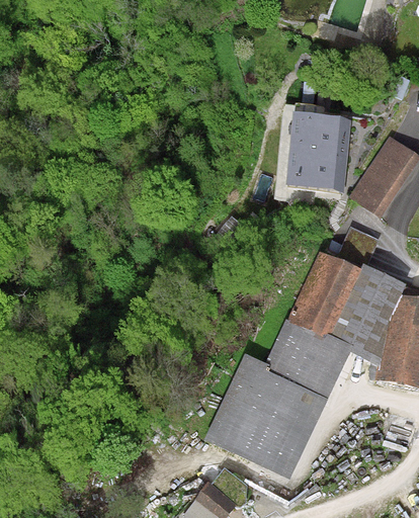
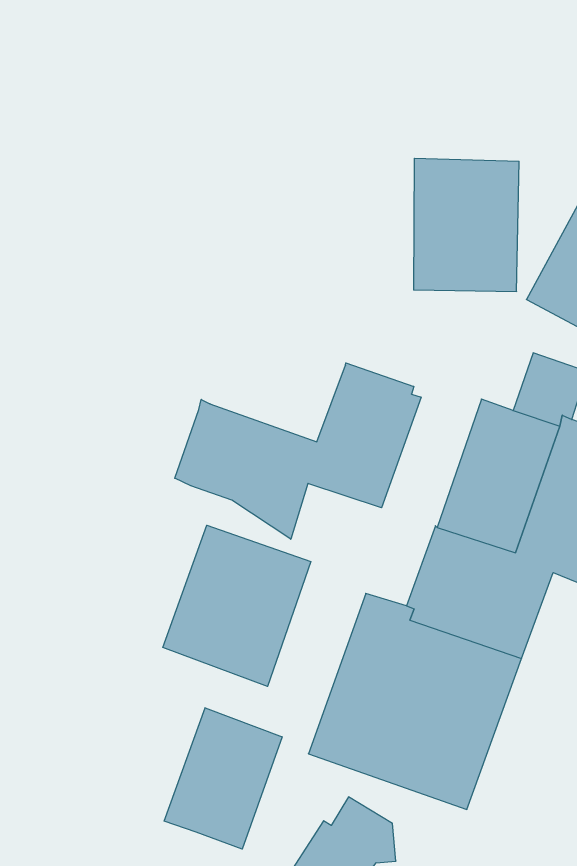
building: none -> [175,363,421,539]
building: none -> [163,525,311,686]
building: none -> [164,708,282,849]

